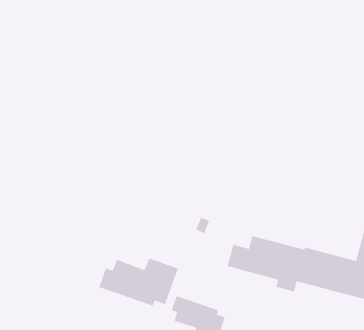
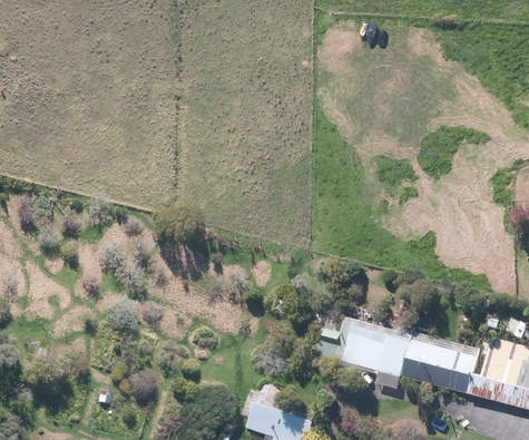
building: [98,257,179,307] -> none

